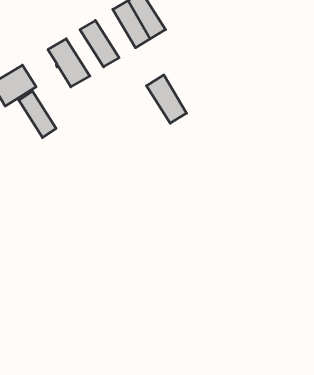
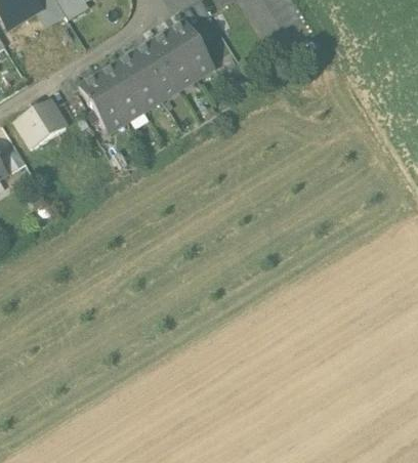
building: [146,75,187,123] -> [133,39,178,93]
building: [19,91,56,138] -> [100,61,142,114]

